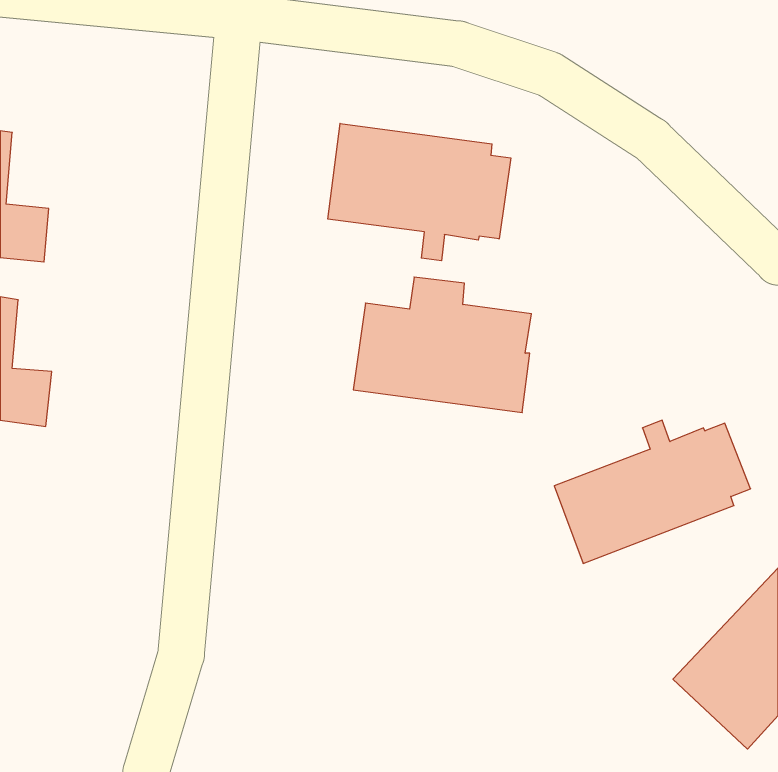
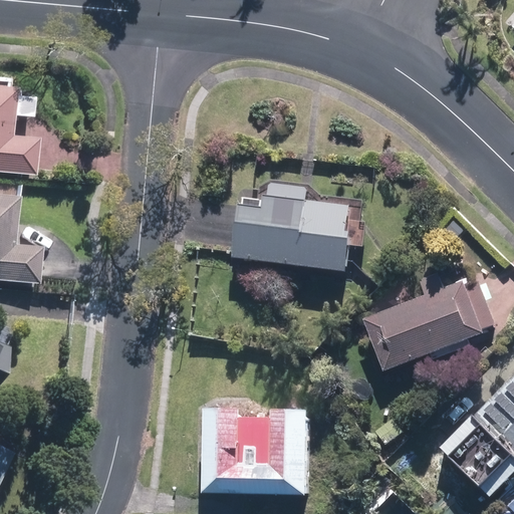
building: [328,123,511,261] -> none
building: none -> [203,408,307,491]

